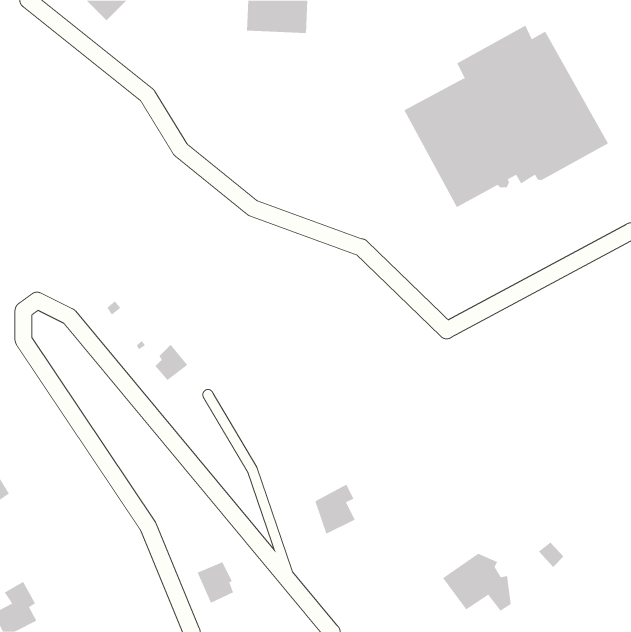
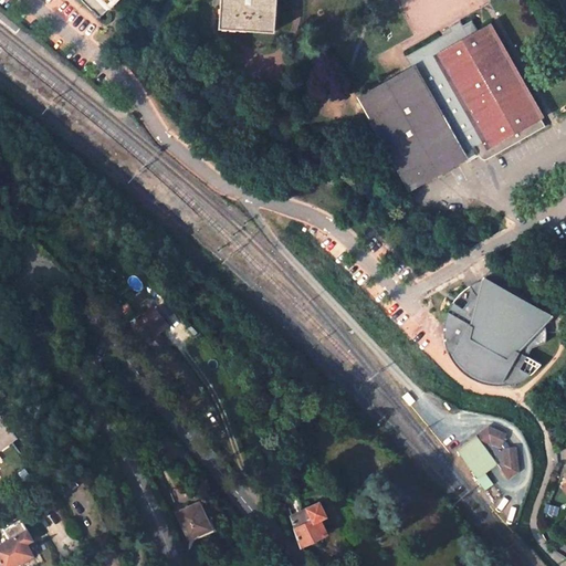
building: none -> [443,277,544,381]
building: [315,484,355,535] -> [291,501,327,546]
building: [442,553,511,611] -> [458,427,520,479]

